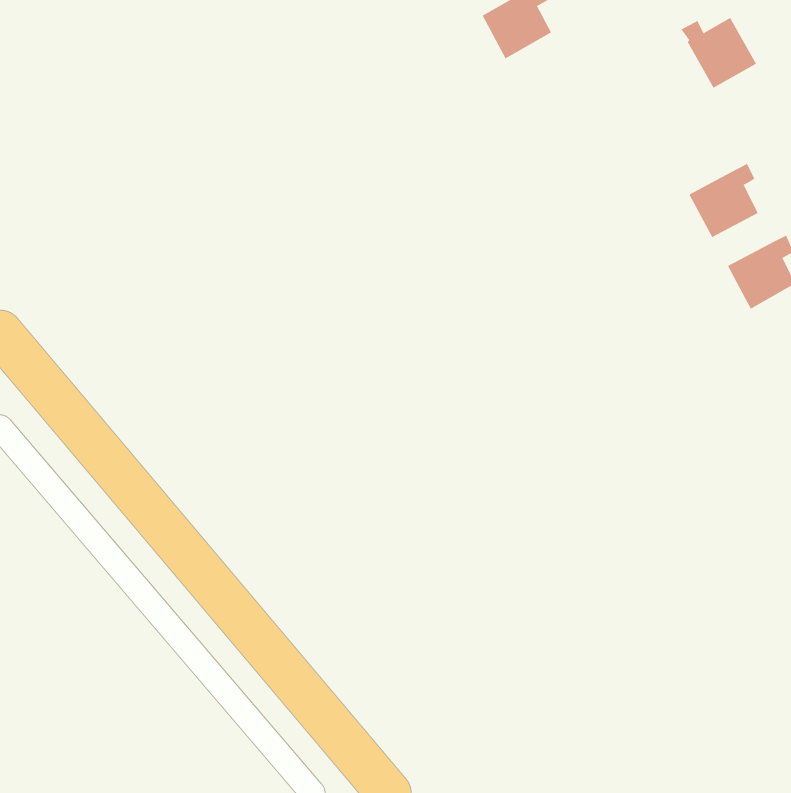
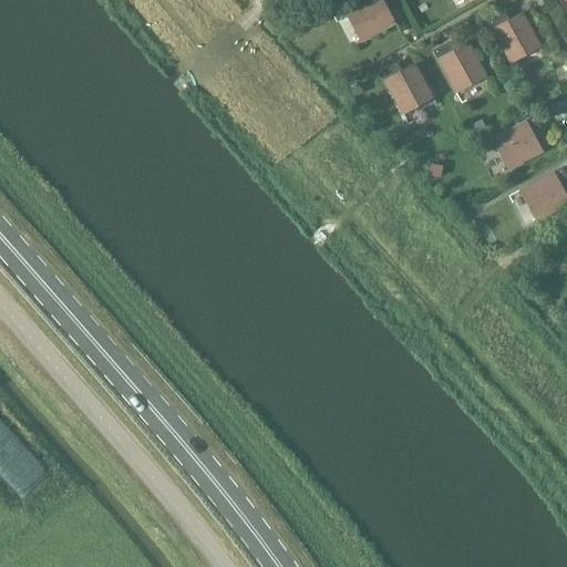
building: none -> [434,42,487,92]
building: none -> [380,64,434,114]

